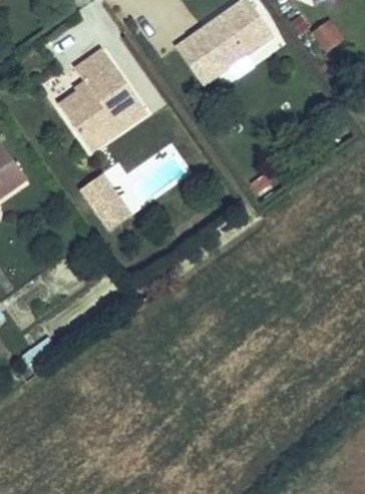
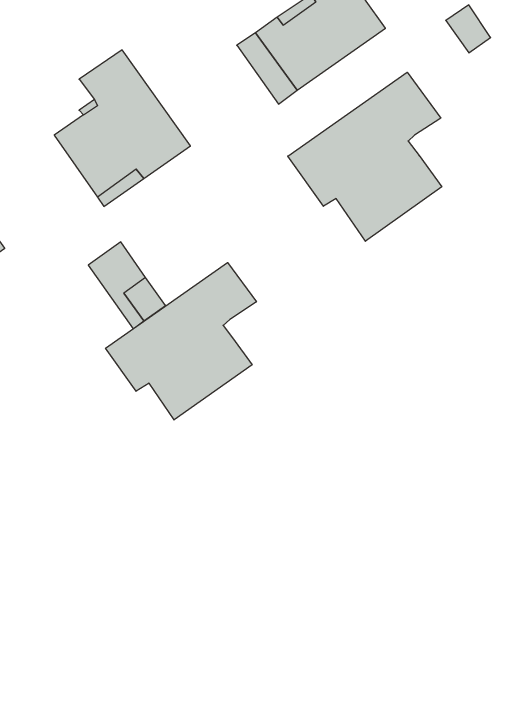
building: none -> [288,72,442,241]
building: none -> [106,263,256,420]

